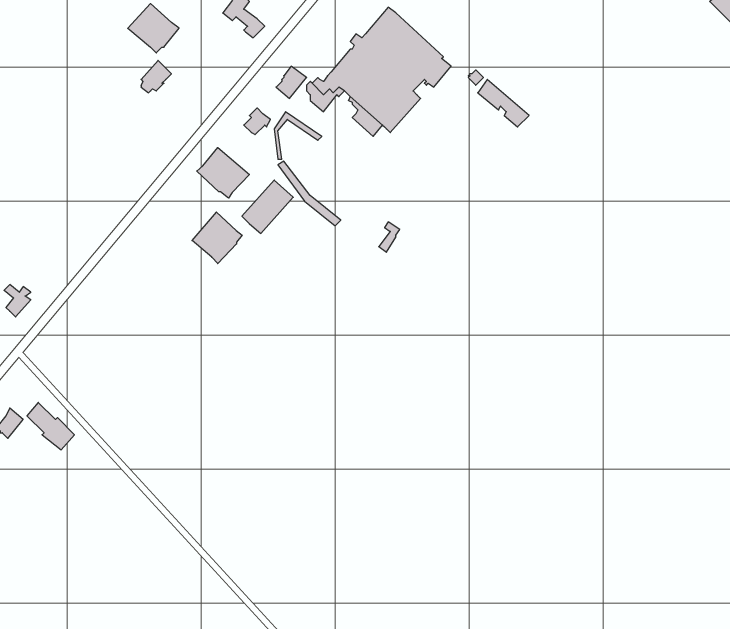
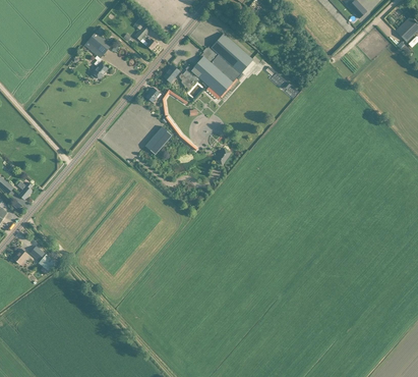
building: [197,148,249,198] -> none
building: [192,212,242,264] -> none

